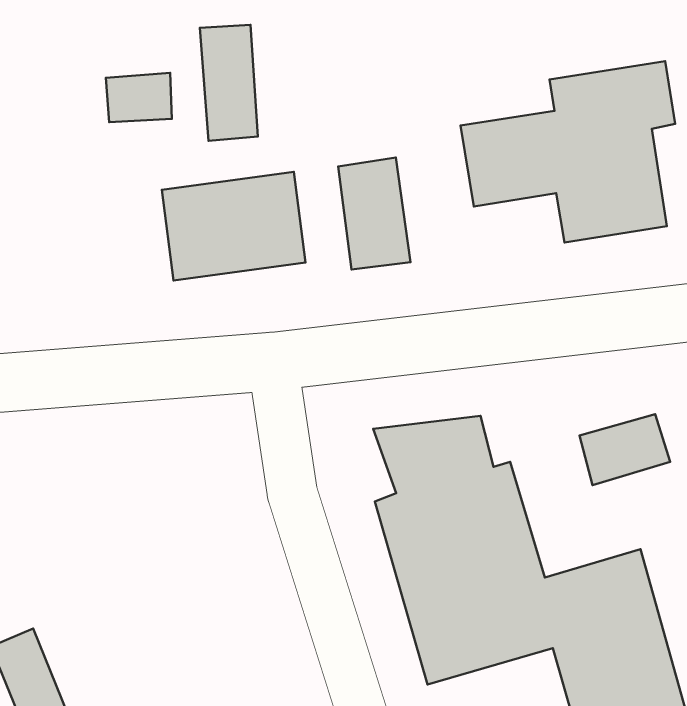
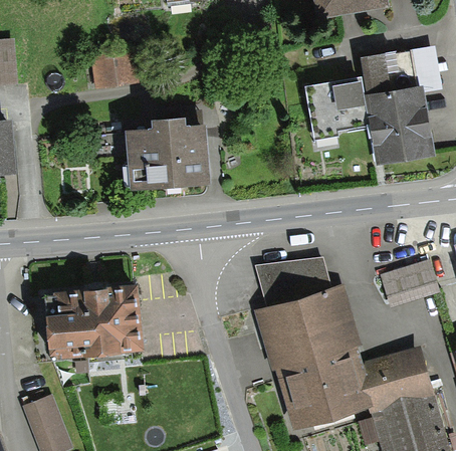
building: [200,25,258,141] -> none
building: [338,158,410,269] -> none
building: none -> [41,295,139,363]

